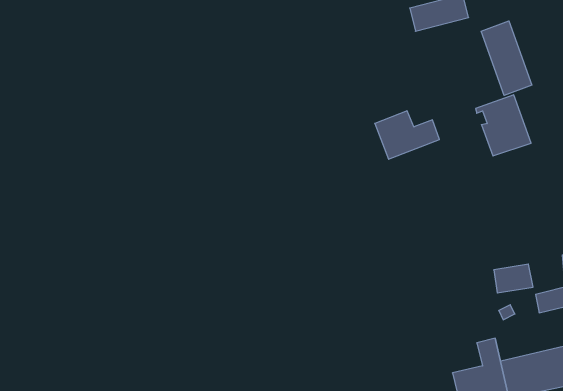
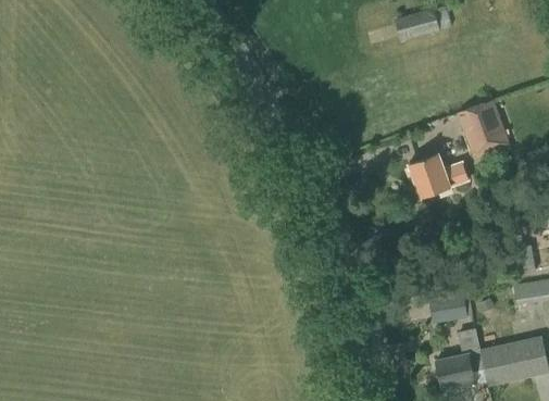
building: [481,21,532,95] -> none
building: [375,111,439,159] -> [408,152,469,198]
building: [494,264,533,293] -> [431,295,467,322]

